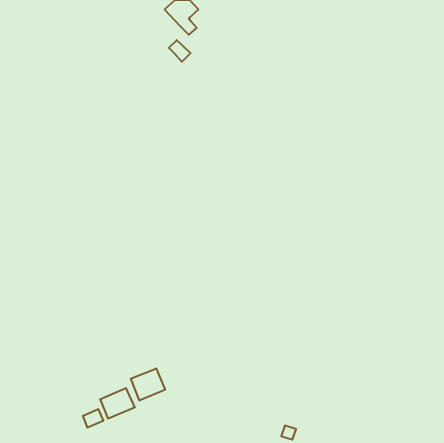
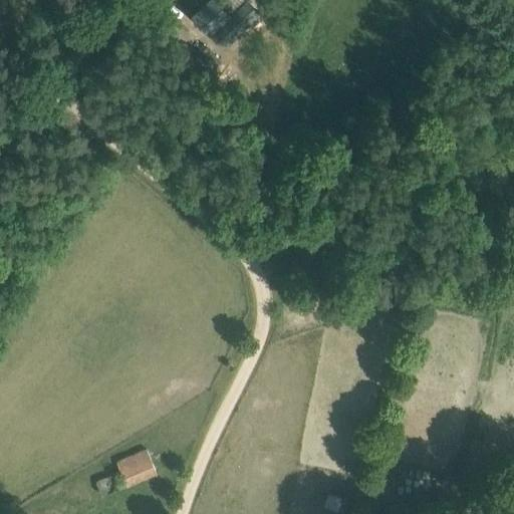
building: [131,368,165,401] -> none

